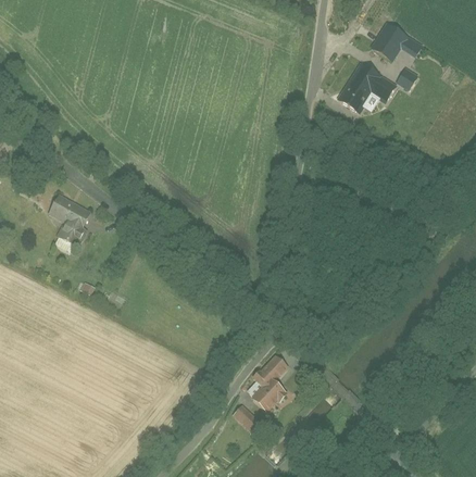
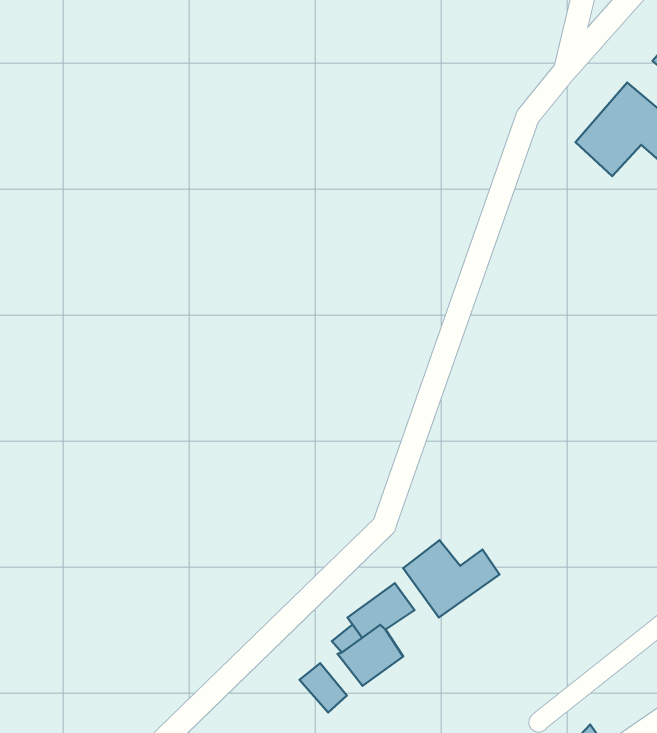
building: [49,193,91,243] -> none
building: none -> [403,540,500,617]

